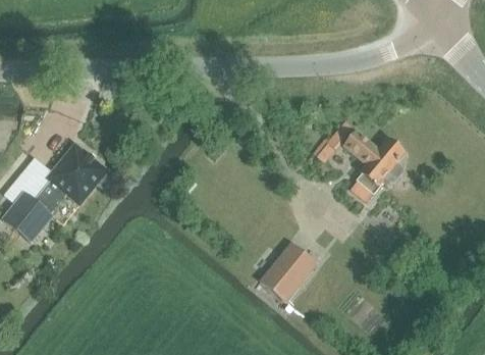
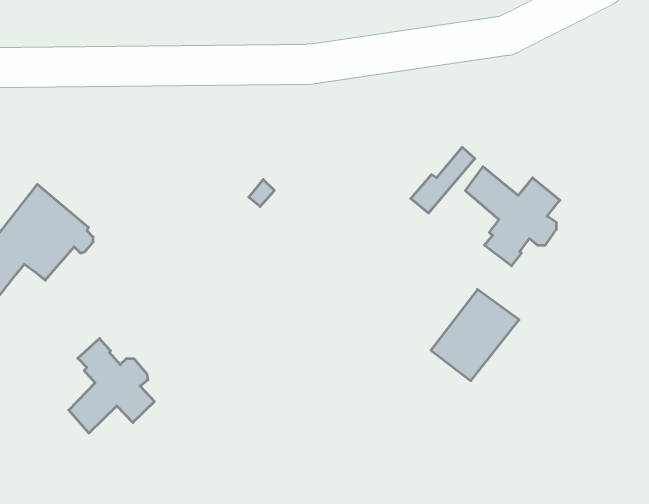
building: none -> [69,338,154,433]
building: [263,245,319,303] -> [431,289,519,381]

